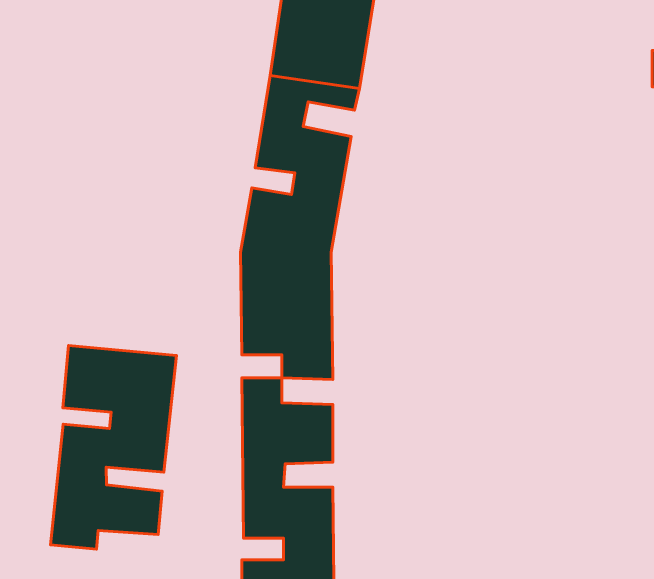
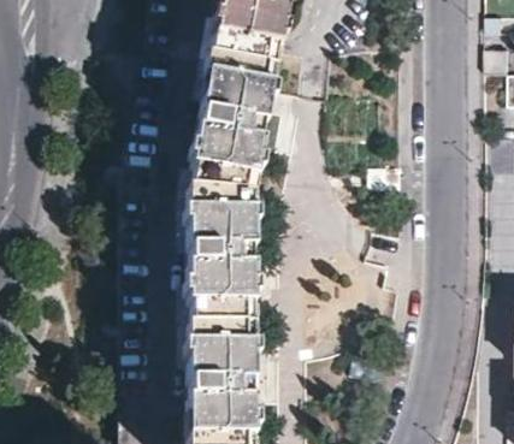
building: [50,346,176,549] -> none

